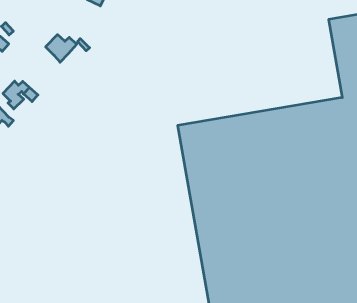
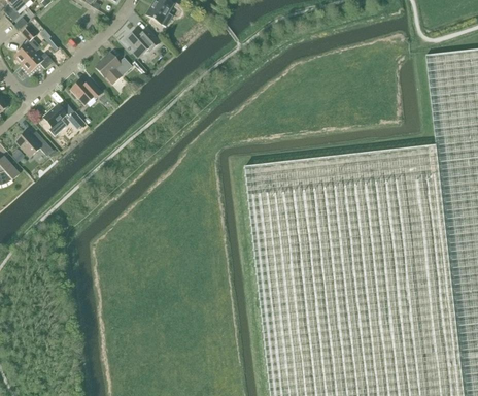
building: none -> [128,28,162,58]
building: none -> [72,80,104,105]

